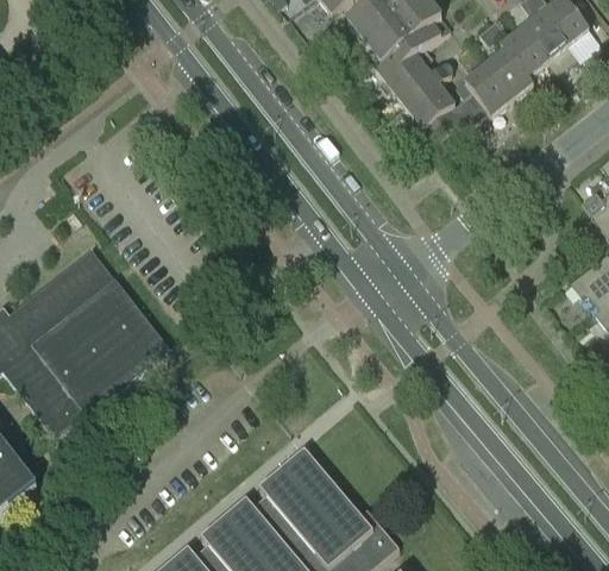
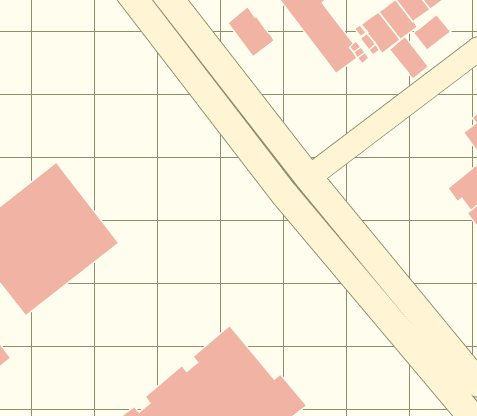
building: none -> [228,7,274,57]
building: none -> [414,14,451,50]
building: none -> [389,36,429,79]

